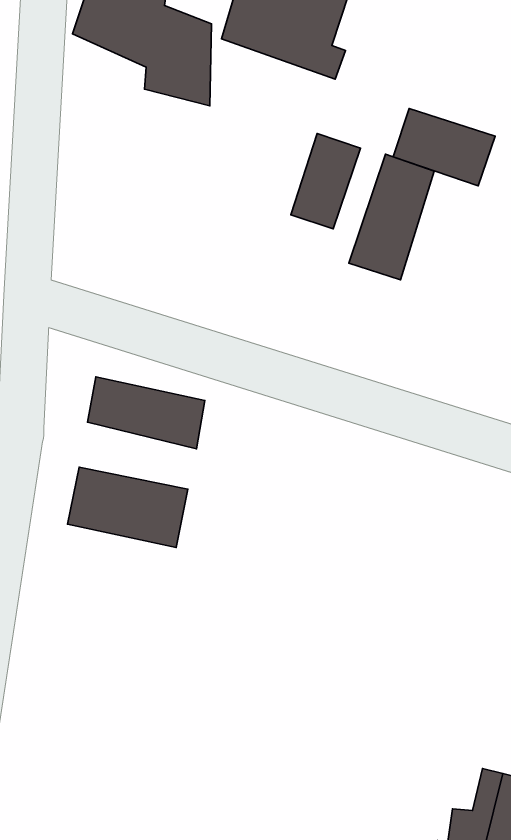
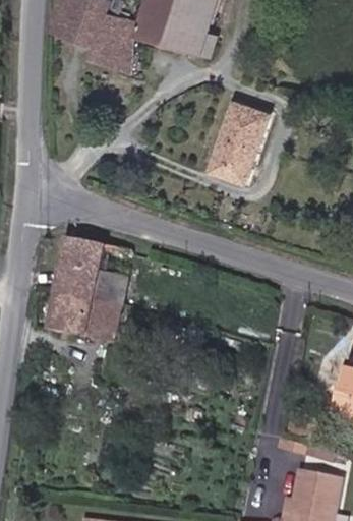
building: [393,108,495,186] -> none
building: [291,133,360,229] -> none
building: none -> [55,263,126,303]

